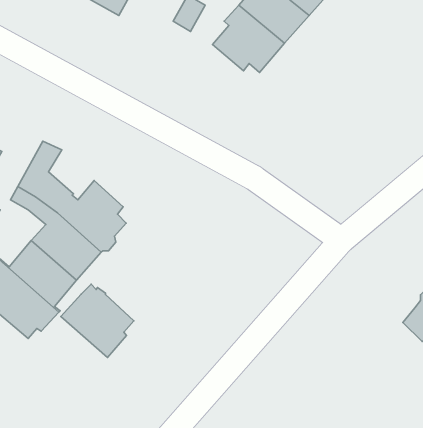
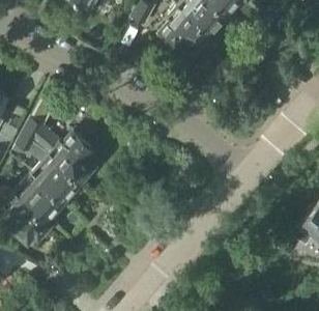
building: [61,284,134,358] -> none

